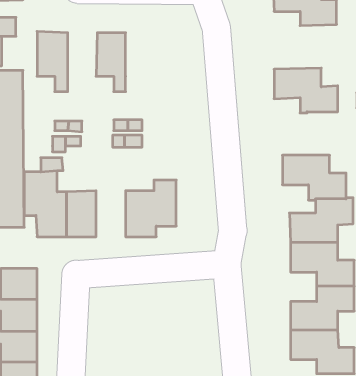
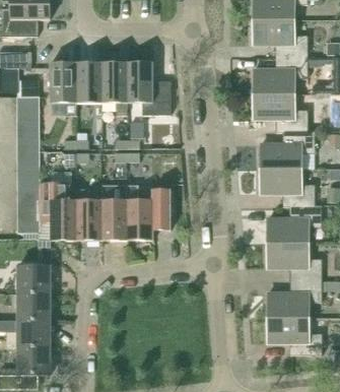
building: none -> [253,56,308,94]
building: none -> [76,63,101,101]
building: none -> [126,63,168,111]
building: none -> [261,130,315,169]
building: none -> [100,183,126,239]

